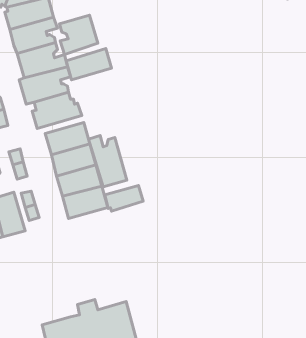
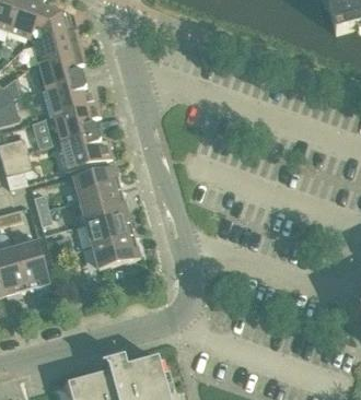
building: [60,15,98,55] -> none
building: [66,49,111,80] -> none
building: [88,135,127,187] -> none
building: [105,186,143,211] -> none

